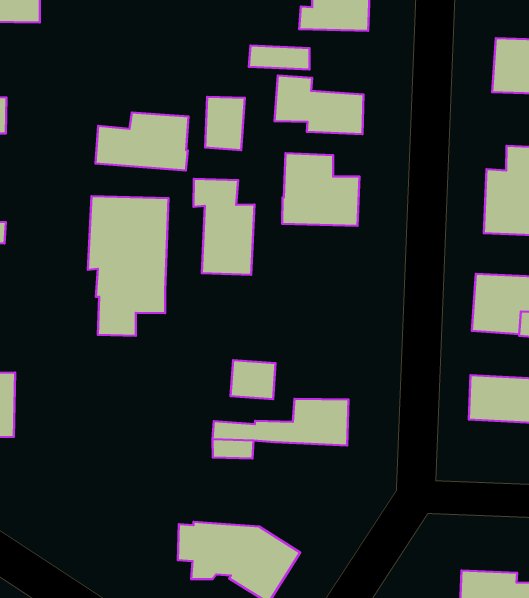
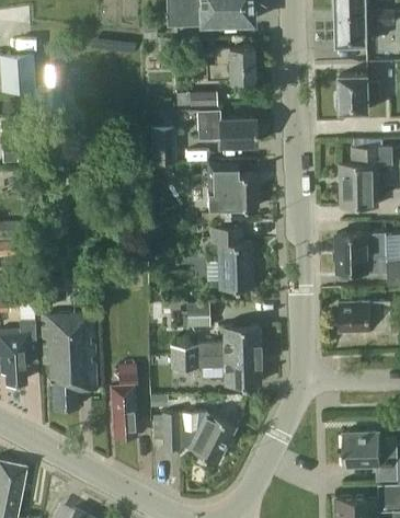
building: [95,112,189,170] -> none
building: [193,179,254,275] -> [209,226,252,289]
building: [88,196,168,336] -> [41,313,95,407]
building: none -> [212,355,261,385]
building: none -> [110,365,136,438]

